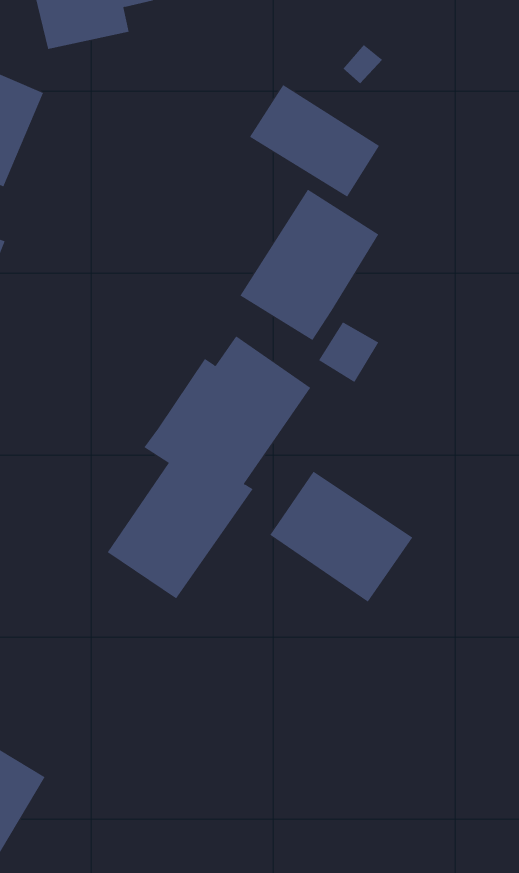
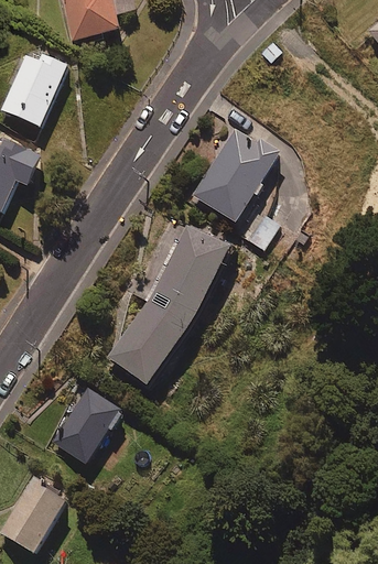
building: [249,84,380,198] -> none
building: [270,471,413,603] -> none
building: none -> [50,386,122,464]

